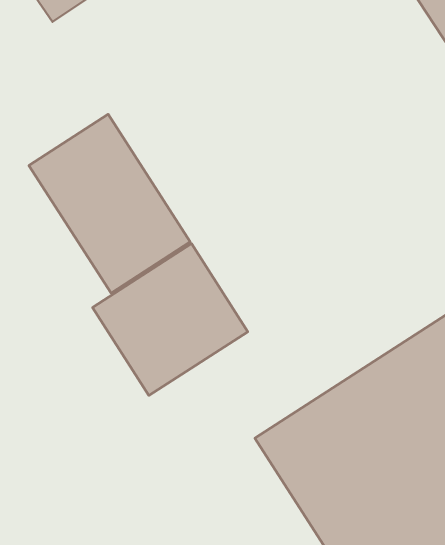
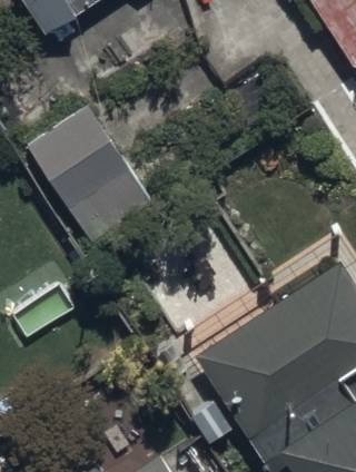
building: [92,244,248,395] -> none

